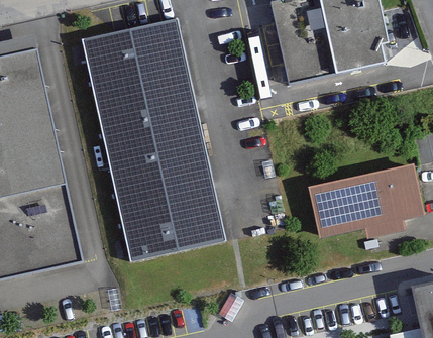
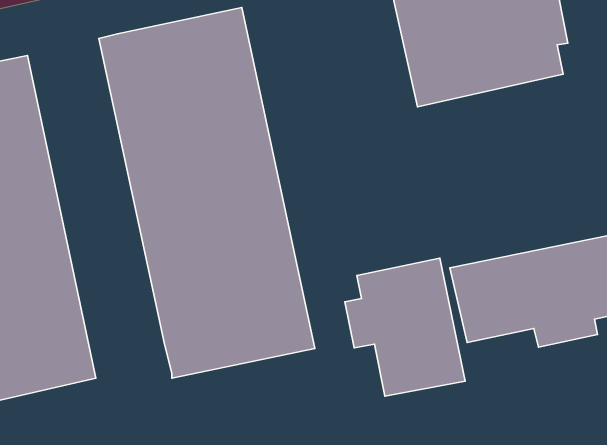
building: none -> [345,258,465,396]

